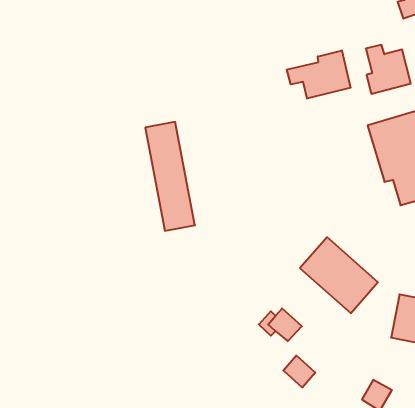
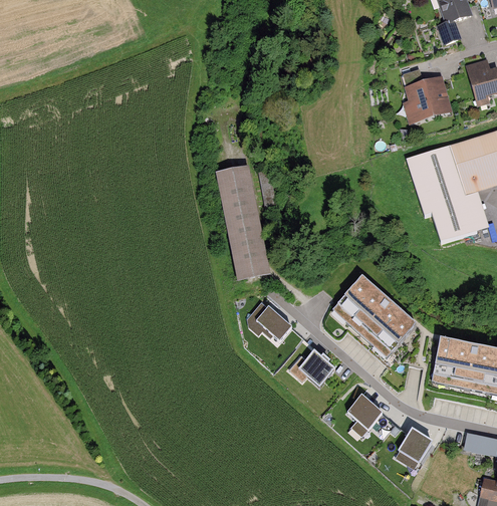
building: [287,50,351,99] -> none
building: [145,122,195,231] -> [217,166,270,282]
building: none -> [255,307,294,345]
building: [283,356,315,387] -> [348,394,383,428]

